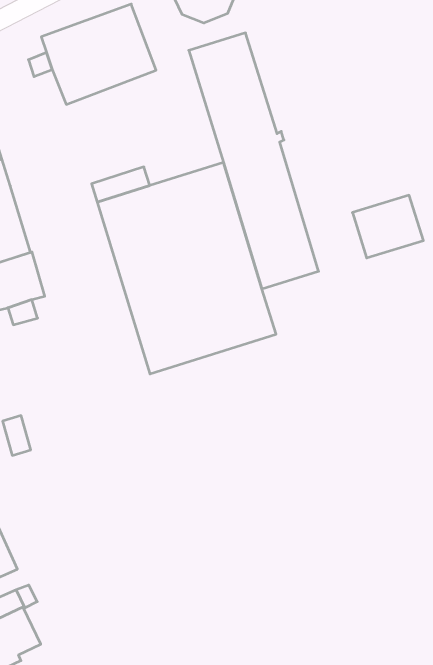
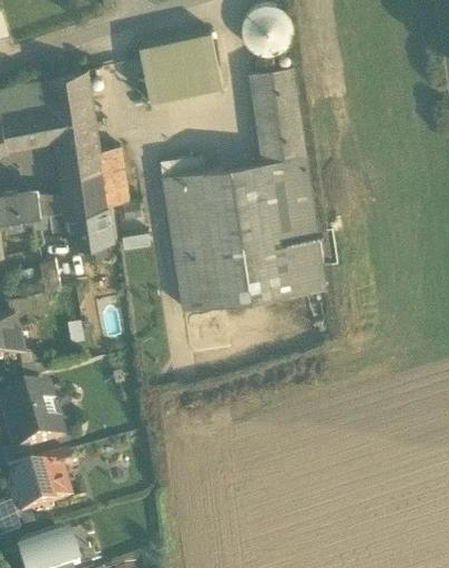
building: none -> [101,151,134,206]
building: [352,195,423,258] -> [277,253,327,295]

